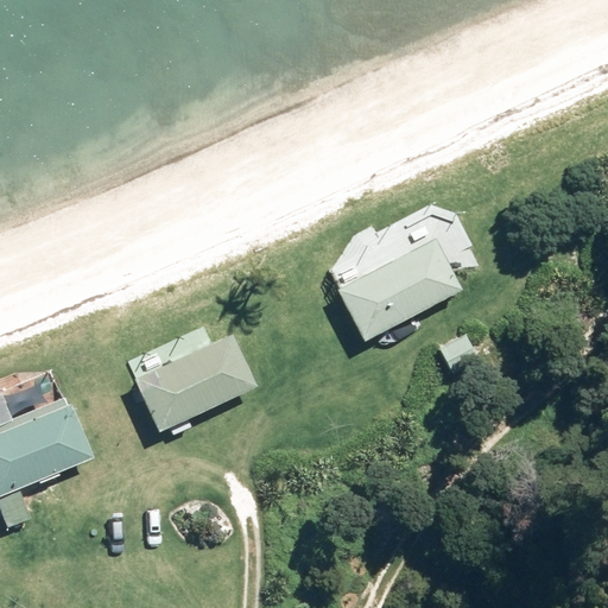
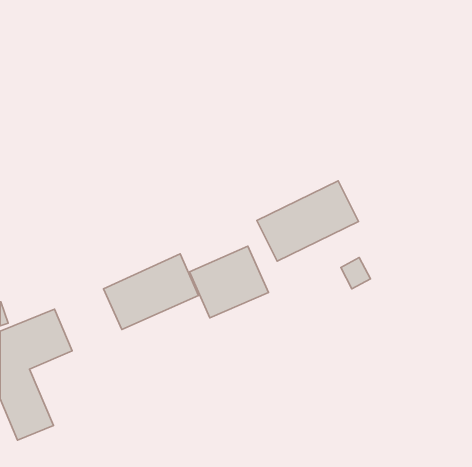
building: none -> [190,246,269,318]

